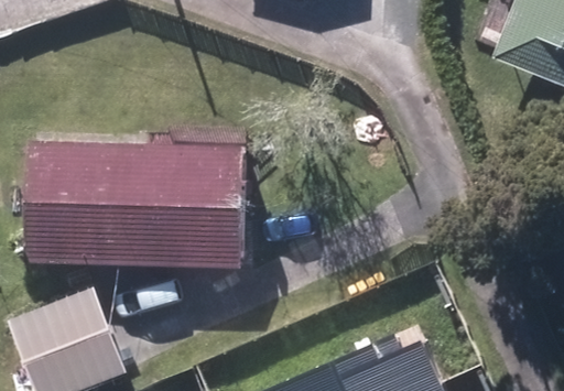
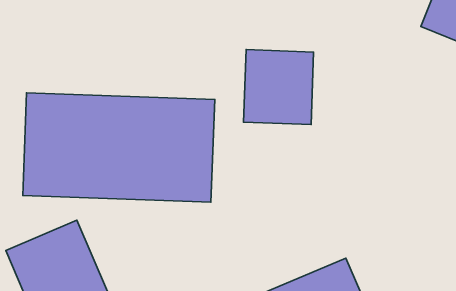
building: none -> [243,50,314,125]

